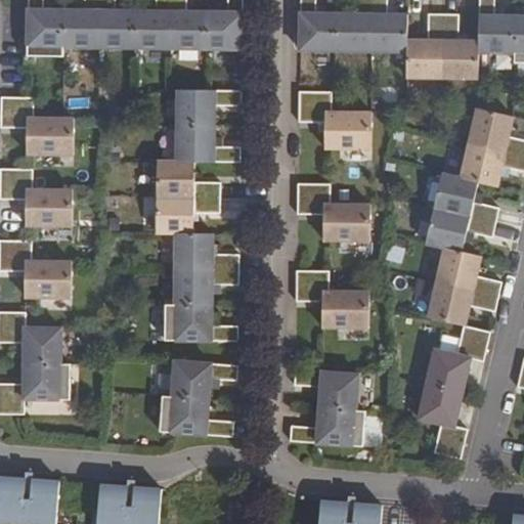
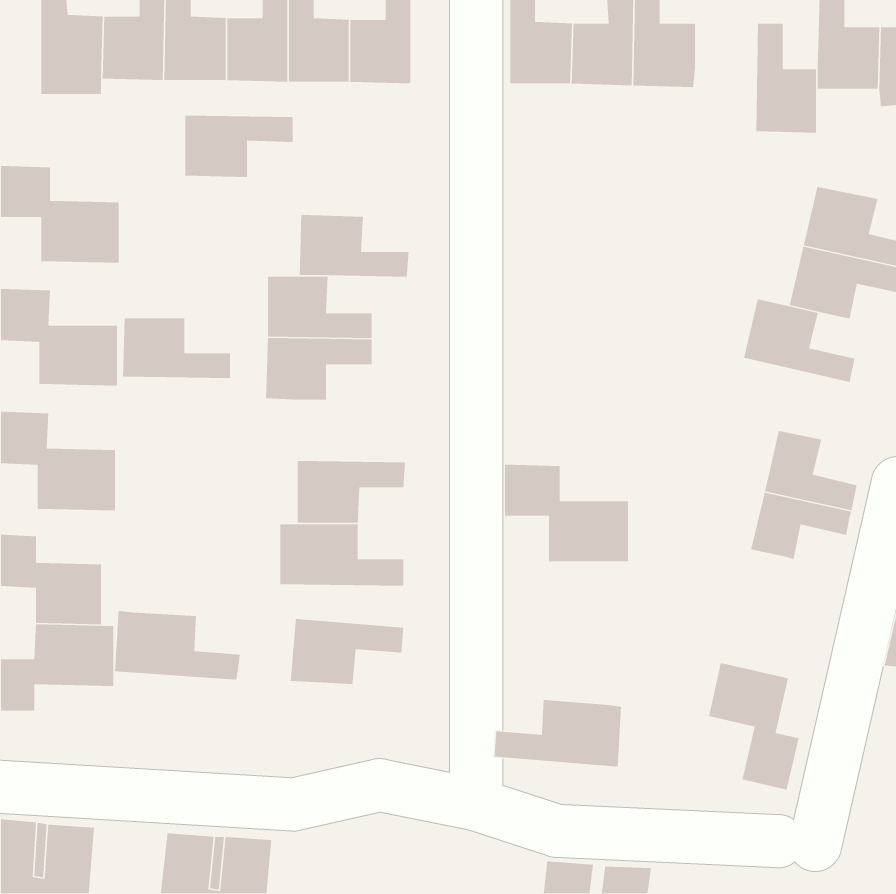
building: [405,13,442,77] -> none
building: [176,89,239,126] -> [184,115,293,178]
building: [297,91,370,148] -> none
building: [296,183,369,241] -> none
building: [426,209,496,252] -> none
building: [174,233,237,269] -> [122,317,231,379]
building: [421,324,489,395] -> none
building: [293,369,357,410] -> none
building: [159,396,232,437] -> [114,610,241,680]

